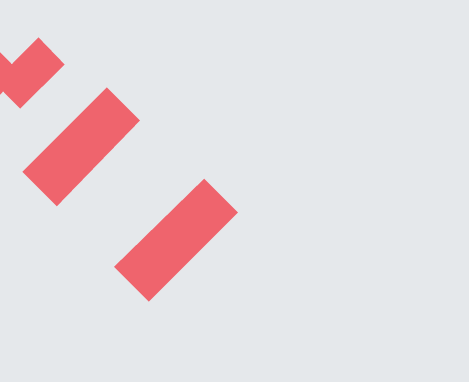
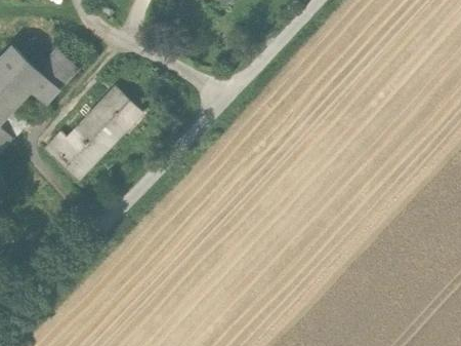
building: [113,178,239,303] -> none

